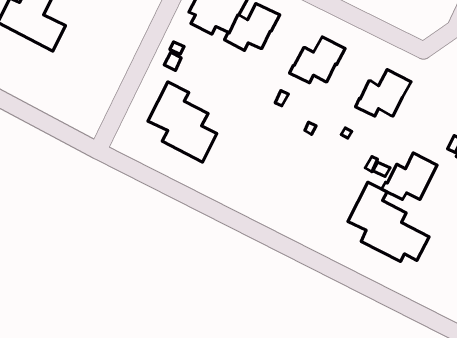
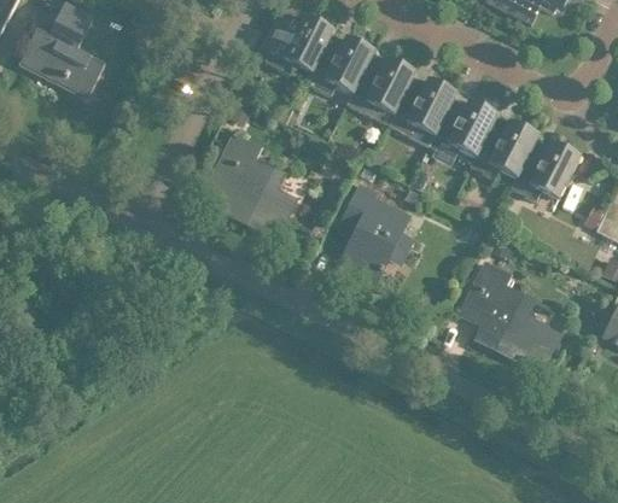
building: none -> [346,55,416,115]
building: none -> [428,98,500,163]
building: none -> [339,181,414,276]
building: [382,153,437,200] -> [511,139,581,198]

